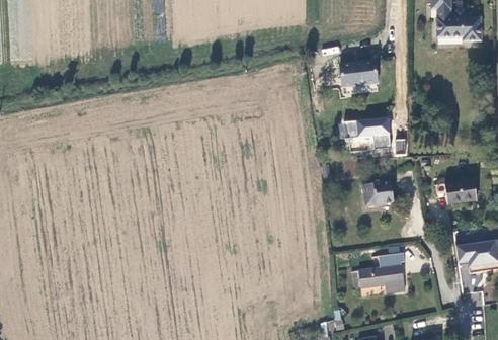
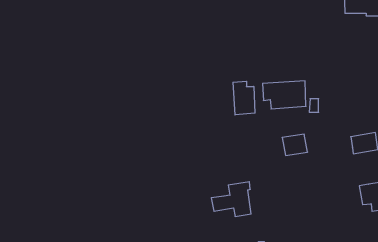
building: [341,64,378,90] -> none
building: none -> [233,81,255,115]
building: [357,251,405,292] -> [211,182,251,216]

